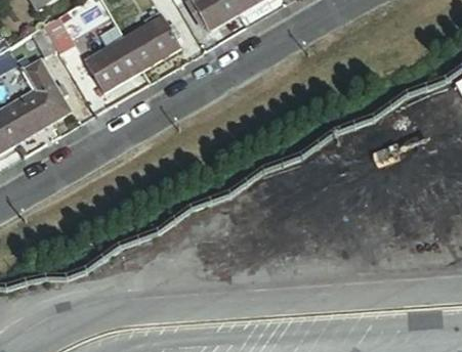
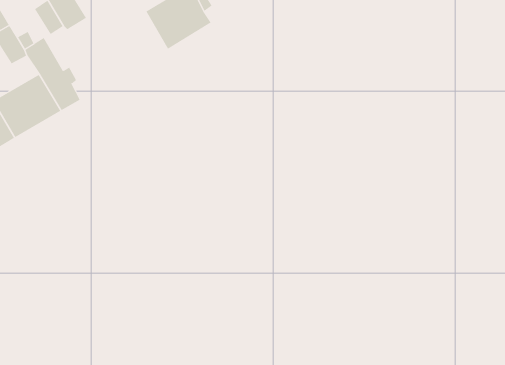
building: [85,38,142,92] -> none

